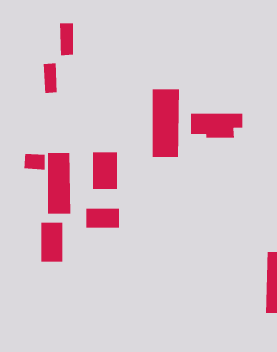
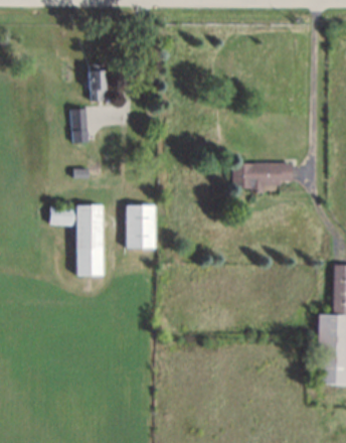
building: [152,89,180,158] -> none
building: [85,208,120,228] -> none
building: [40,222,63,263] -> none

